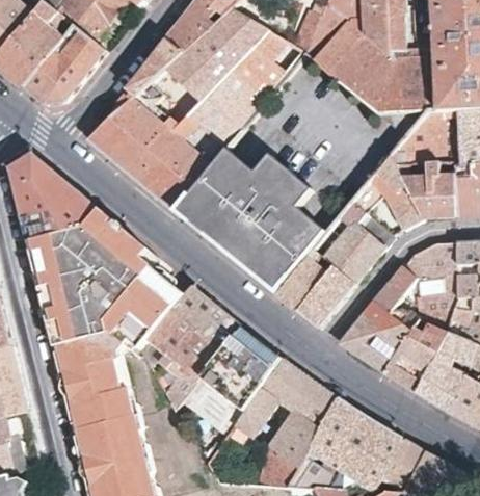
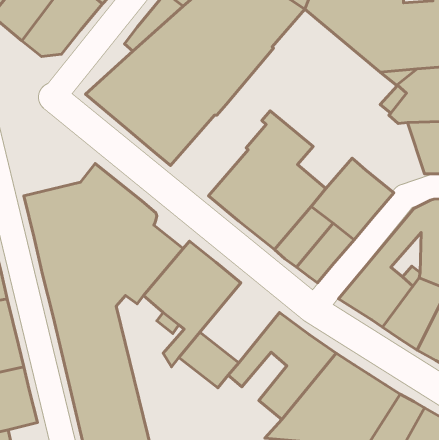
building: [171,149,266,239] -> none
building: [8,151,97,239] -> none
building: [351,159,423,228] -> none
building: [201,325,279,404] -> none

